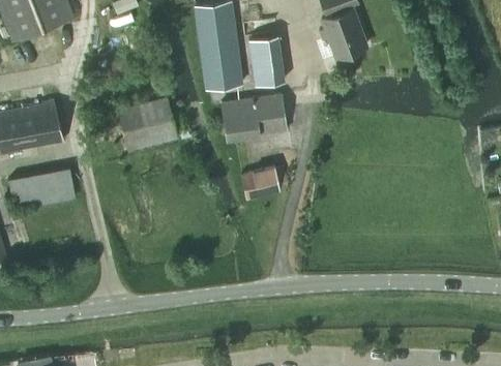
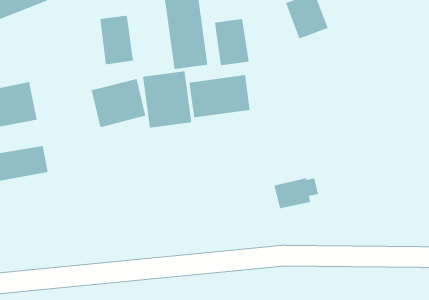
building: none -> [100,15,133,65]
building: none -> [142,70,192,129]
building: [240,169,288,202] -> [274,177,319,209]

